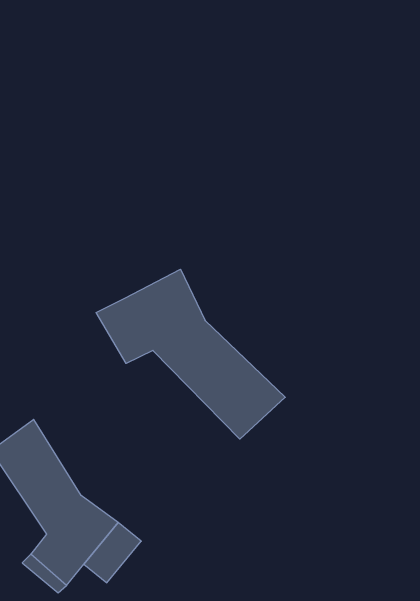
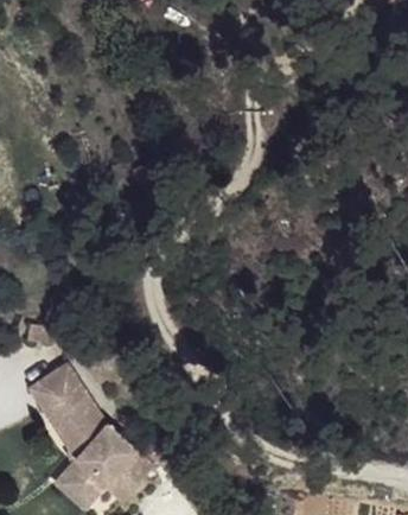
building: [96,269,285,439] -> none

